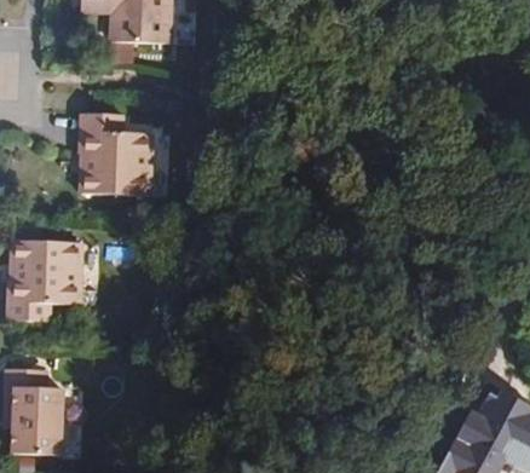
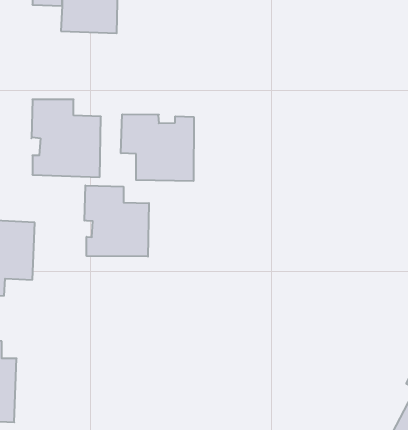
building: none -> [121,114,194,181]
building: none -> [84,185,149,257]

